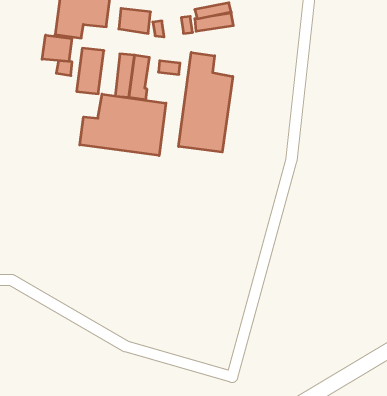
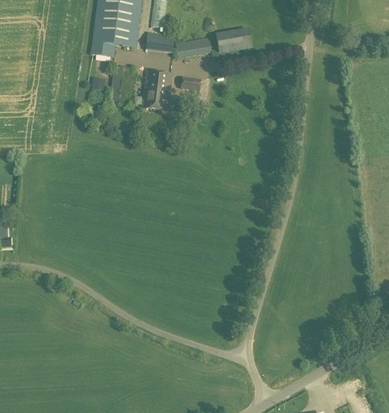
building: [42,35,72,61] -> none
building: [179,52,233,152] -> none
building: [80,94,166,156] -> none

